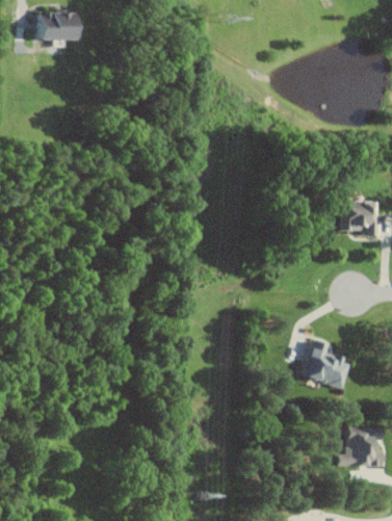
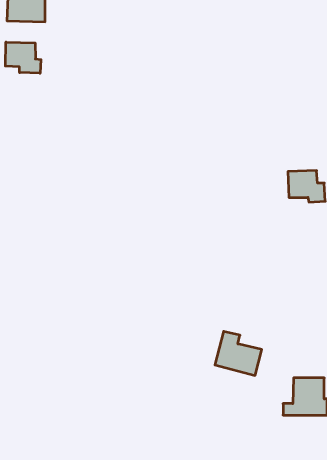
building: none -> [5,42,41,73]
building: [303,341,354,389] -> [215,331,262,375]

